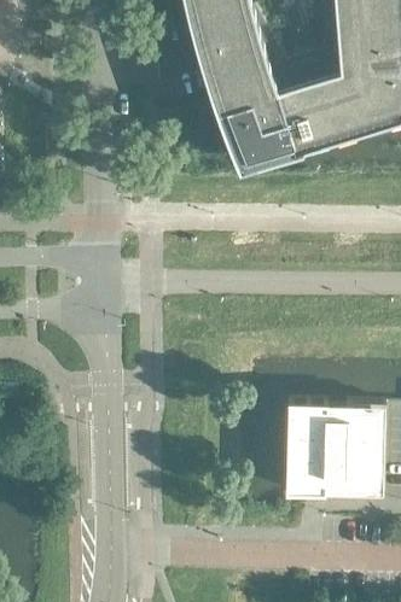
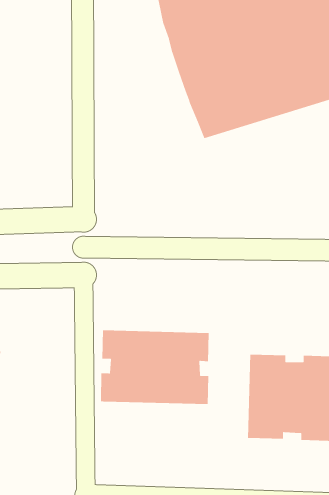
building: none -> [100,330,209,405]

